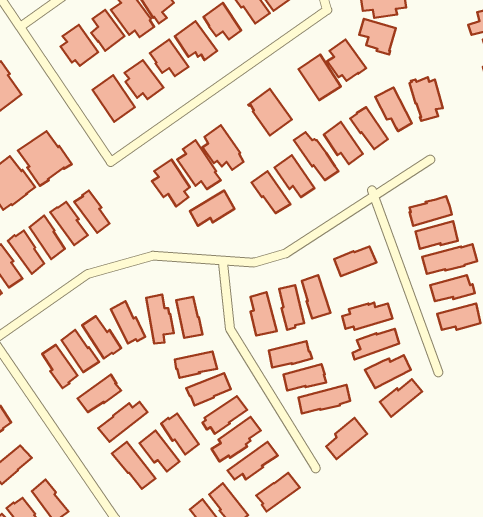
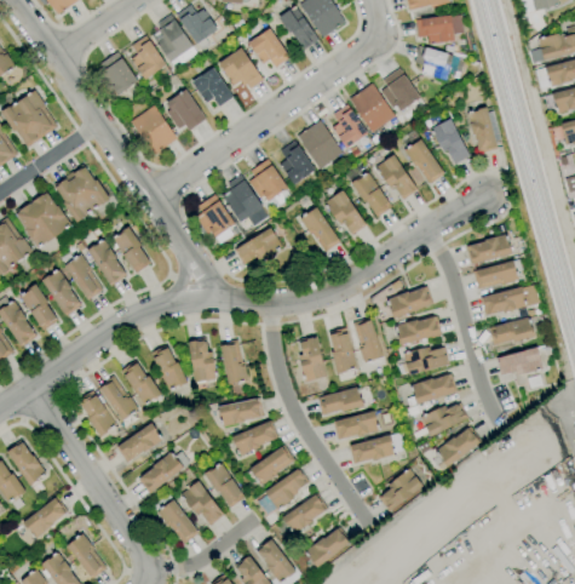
building: none -> [332,104,368,149]
building: none -> [280,141,316,185]
building: none -> [396,316,442,345]

